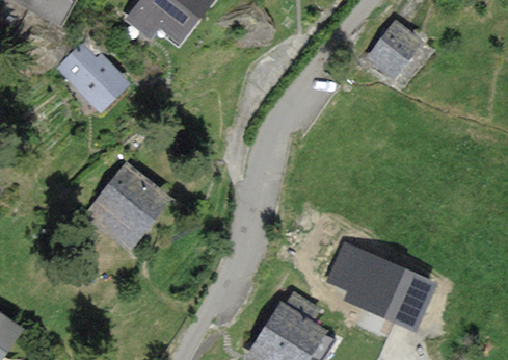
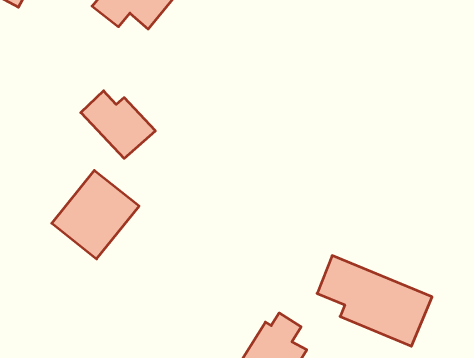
building: [371,23,419,73] -> none
building: [61,48,129,109] -> [81,91,155,158]

